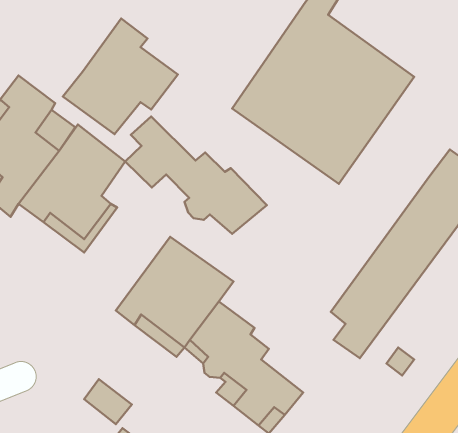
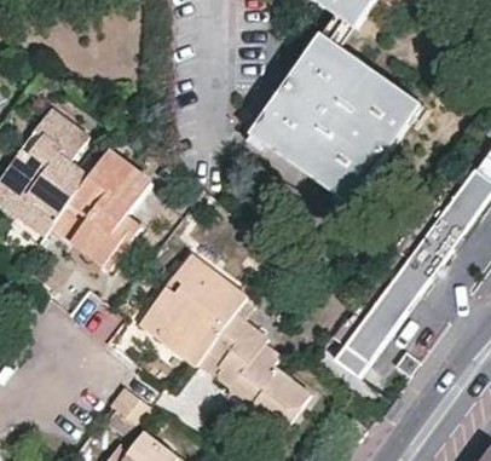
building: [63,18,178,134] -> none
building: [125,116,267,234] -> none

